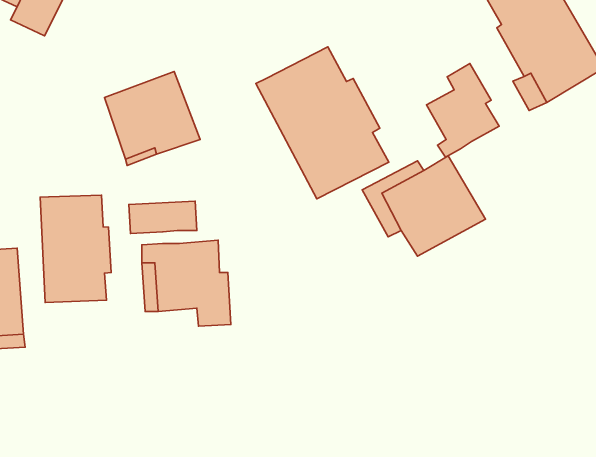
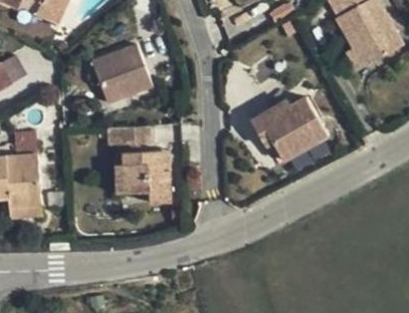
building: [256,47,389,199] -> none
building: [427,63,499,157] -> none
building: [40,195,111,302] -> none

